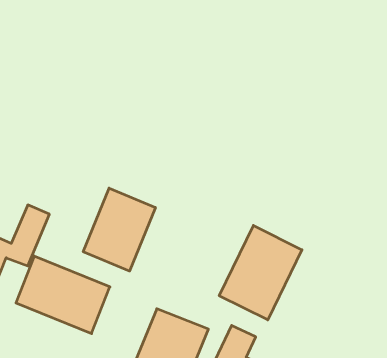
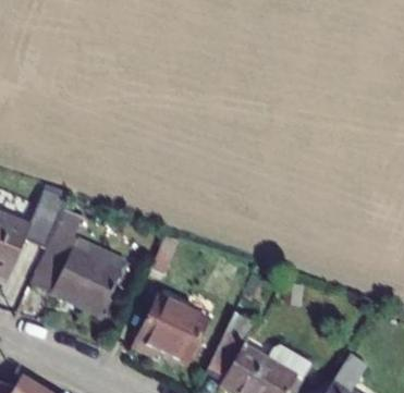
building: [83,188,155,271] -> none
building: [219,225,302,320] -> none

